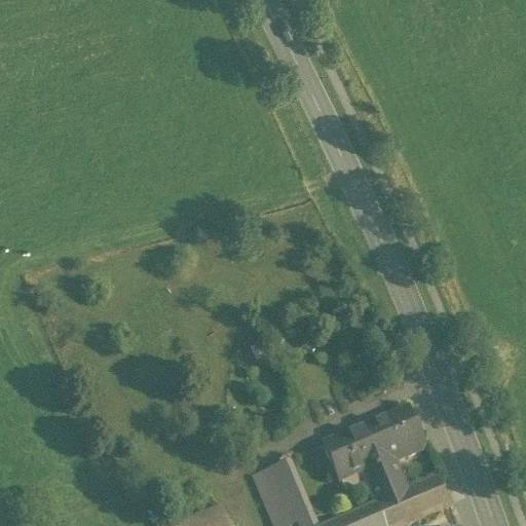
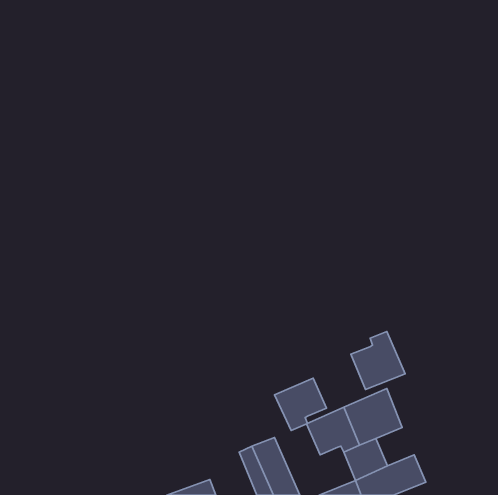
building: none -> [351,332,405,390]
building: none -> [275,378,326,430]

